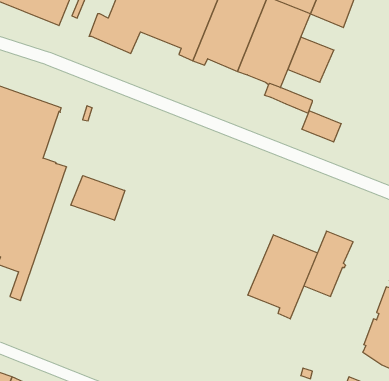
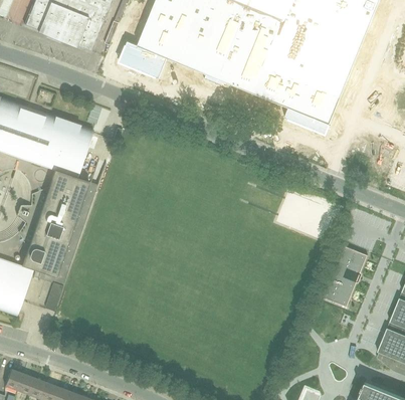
building: none -> [319,41,359,75]
building: [302,111,341,142] -> [299,93,337,123]
building: [71,176,125,220] -> none
building: [248,235,317,319] -> none

